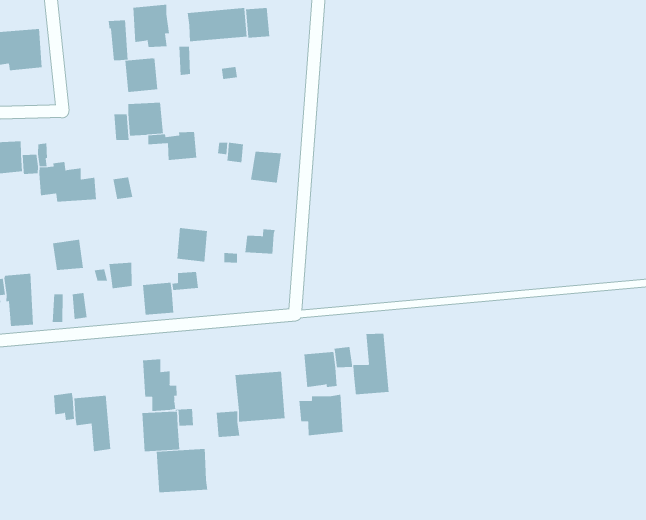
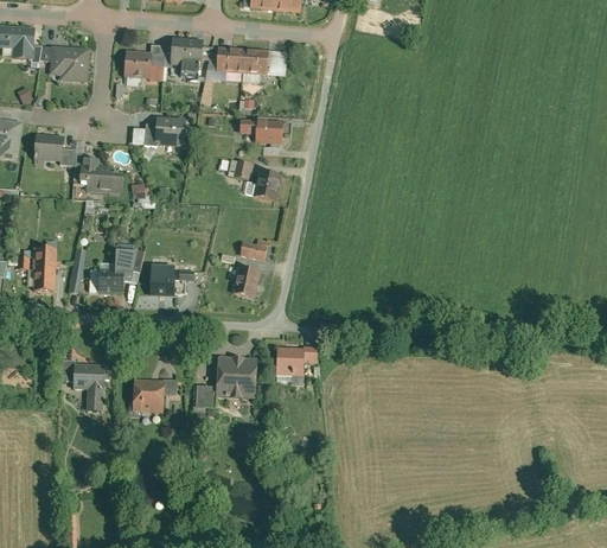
building: [125,58,158,92] -> [123,51,151,79]
building: [148,131,197,160] -> [239,120,281,145]
building: [177,228,208,262] -> [230,267,260,299]
building: [52,239,84,271] -> [98,272,122,297]
building: [353,333,389,395] -> none
building: [143,359,177,412] -> none
building: [299,394,343,436] -> none
building: [156,448,208,493] -> none

